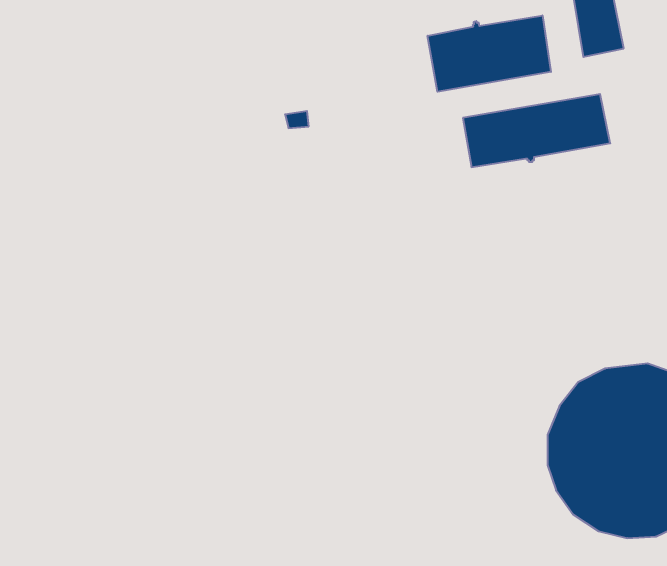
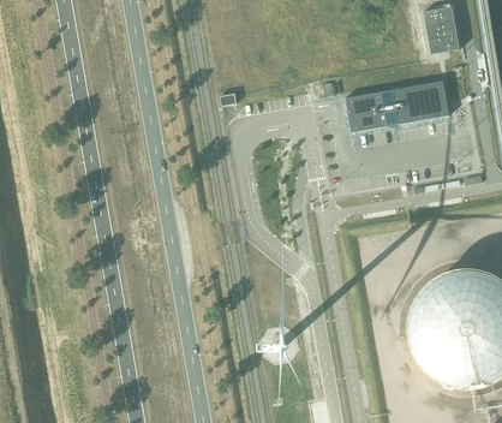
building: [428,15,551,92] -> none

